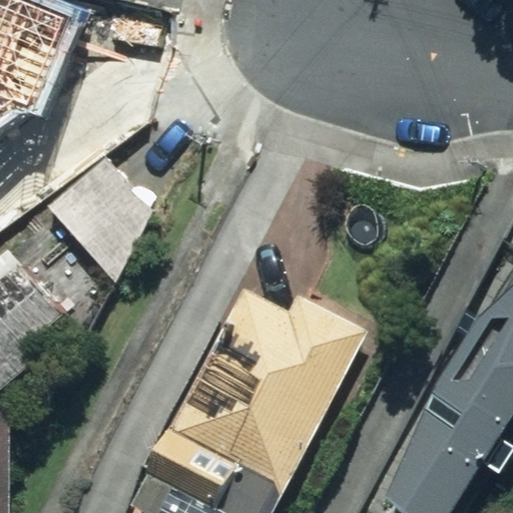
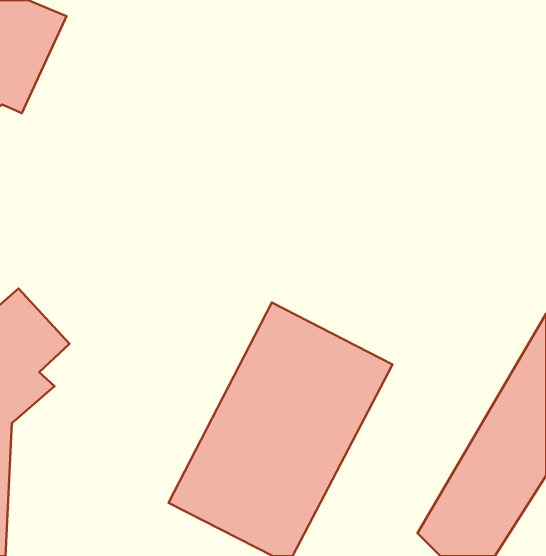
building: [47,159,151,285] -> none

